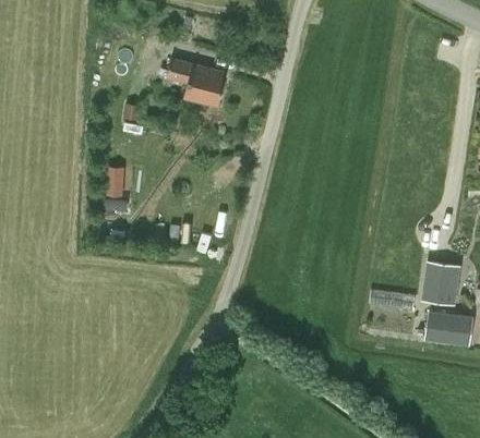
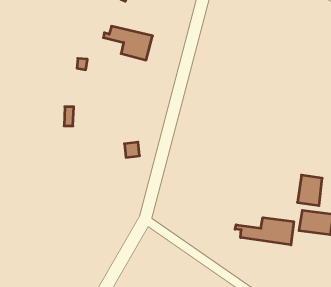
building: none -> [235,218,294,245]

